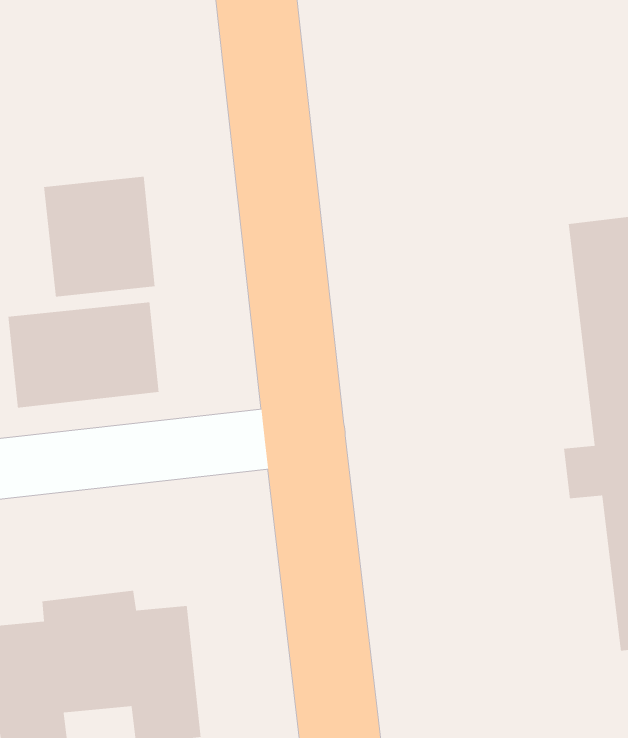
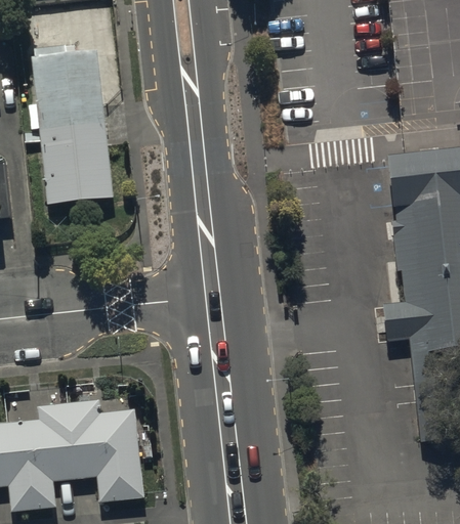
building: none -> [30,45,106,131]
building: [7,301,160,408] -> none

